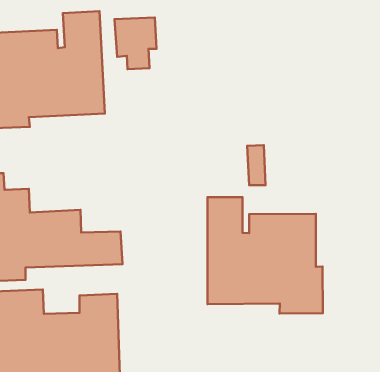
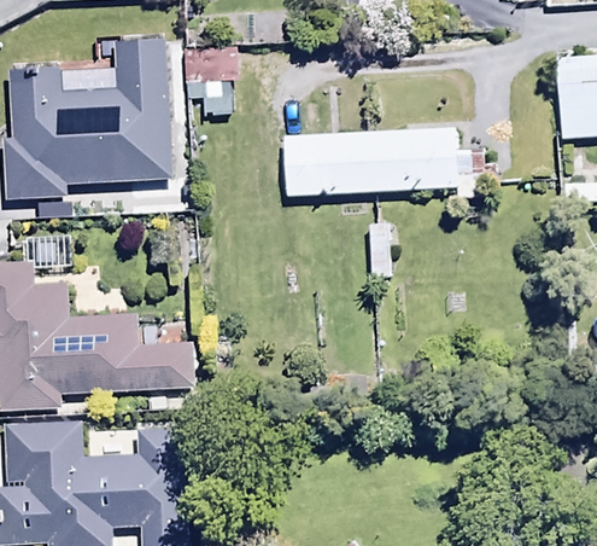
building: none -> [285,126,498,198]
building: [207,197,323,314] -> none

